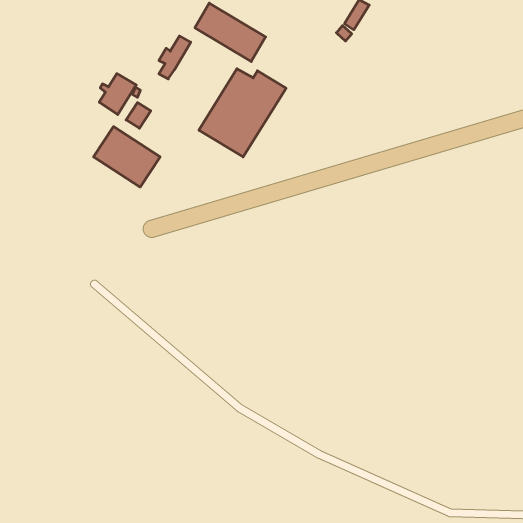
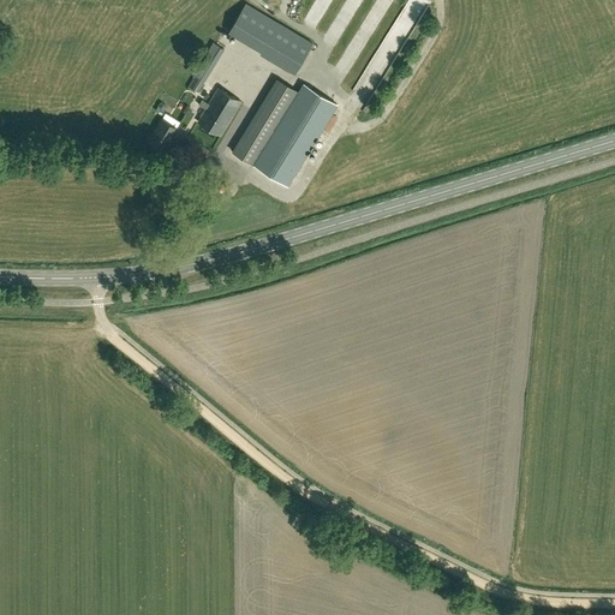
building: [99,74,136,115] -> [197,89,240,137]
building: [94,127,160,187] -> none

